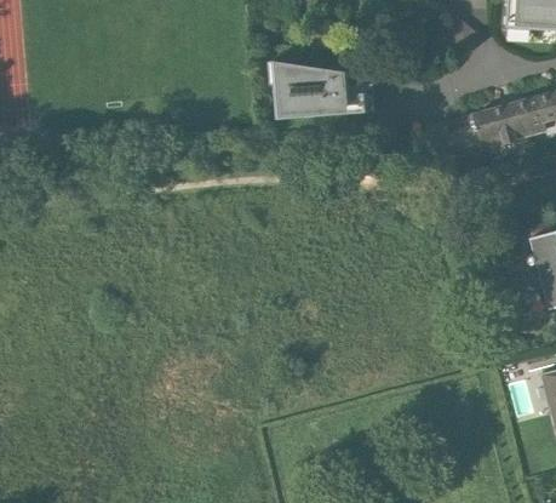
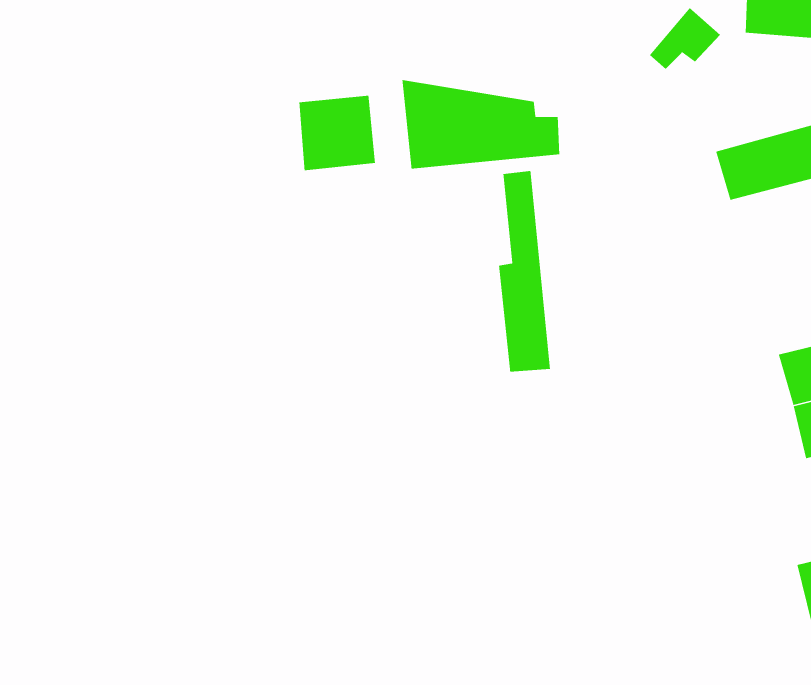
building: none -> [299,95,376,171]
building: none -> [498,170,551,373]

